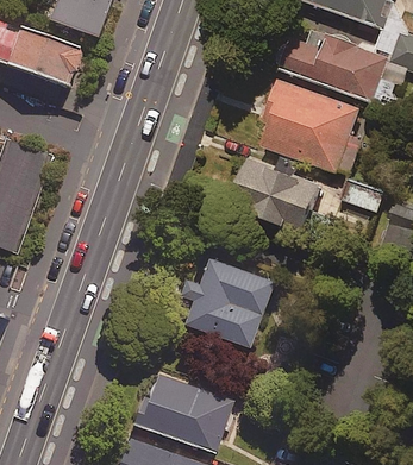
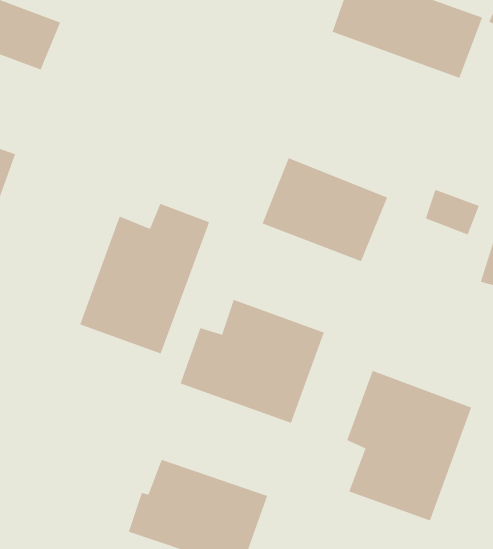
building: [261,78,362,176] -> none
building: none -> [79,203,210,355]
building: none -> [346,370,472,522]

